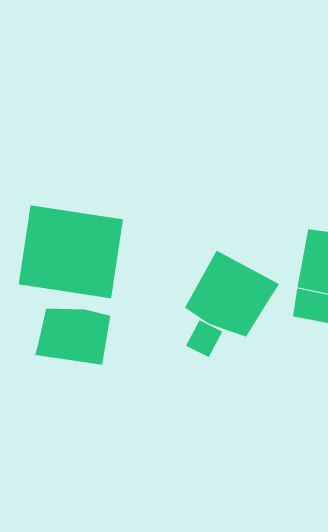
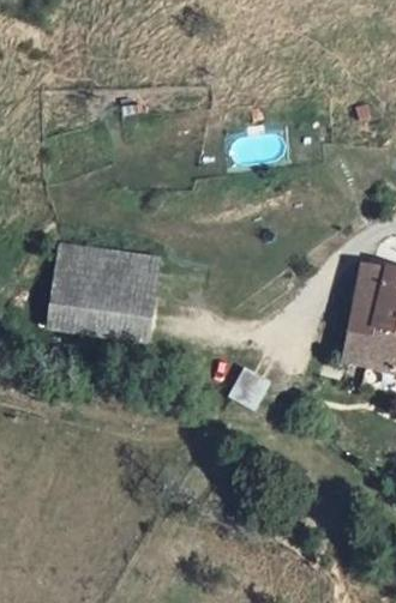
building: [184,250,280,338] -> none
building: [35,308,111,366] -> none

